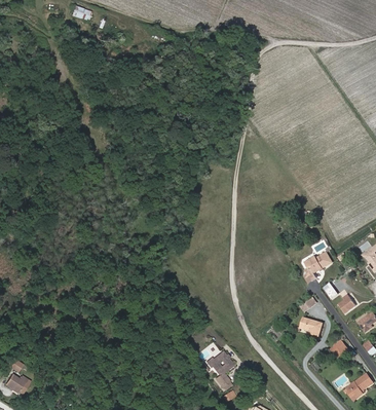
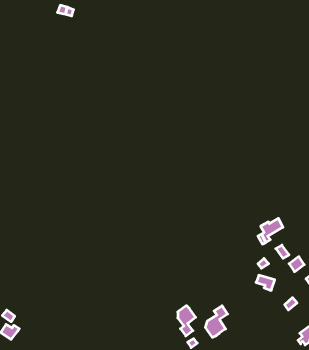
building: none -> [205,306,228,337]

